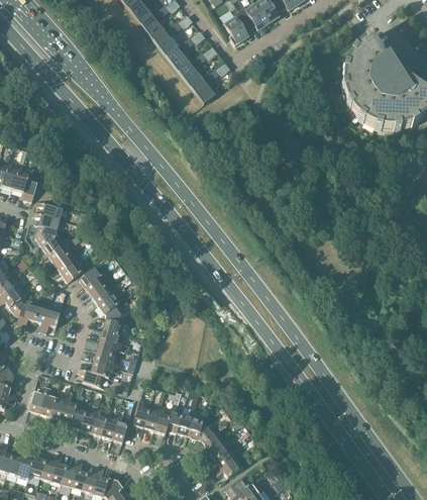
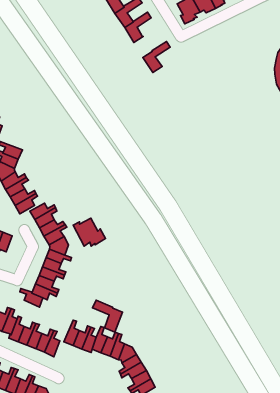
building: [179,53,208,89] -> none
building: none -> [73,218,106,246]
building: none -> [93,300,123,332]

